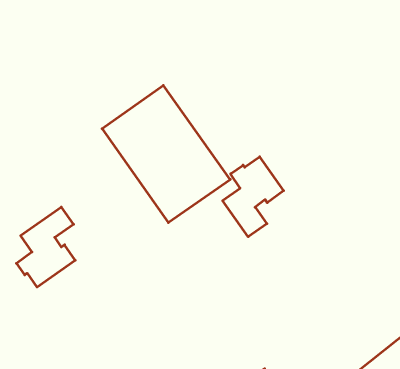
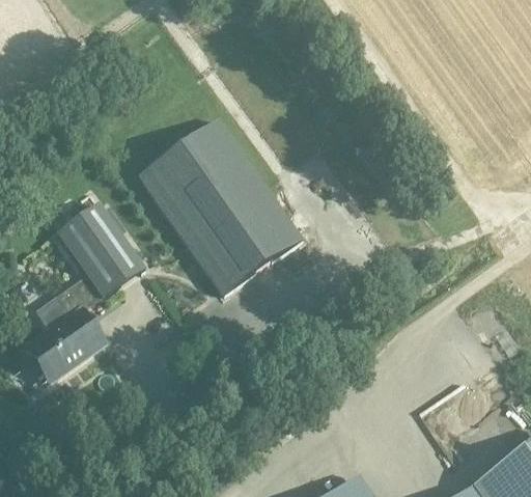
building: none -> [58,204,146,300]
building: [223,157,284,237] -> none

